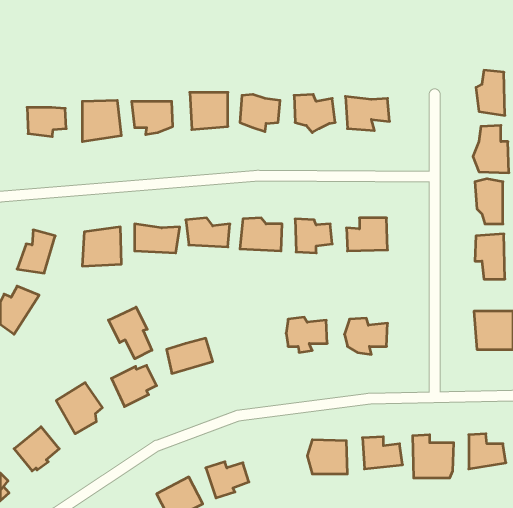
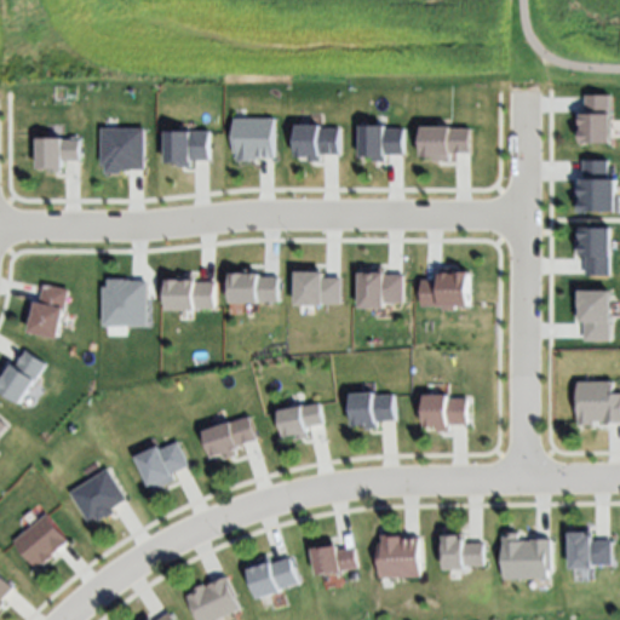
building: [108,307,152,359] -> none
building: none -> [277,403,322,435]
building: none -> [306,544,357,574]

